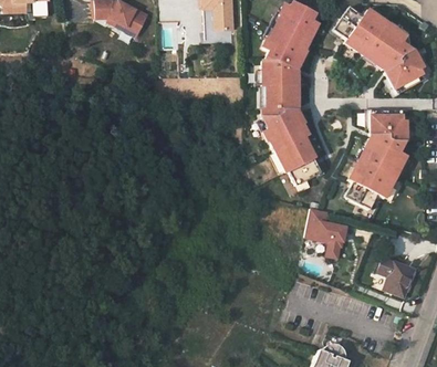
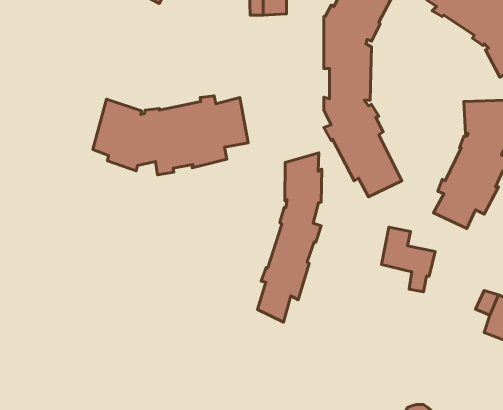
building: none -> [93,96,248,175]
building: none -> [257,153,322,322]

